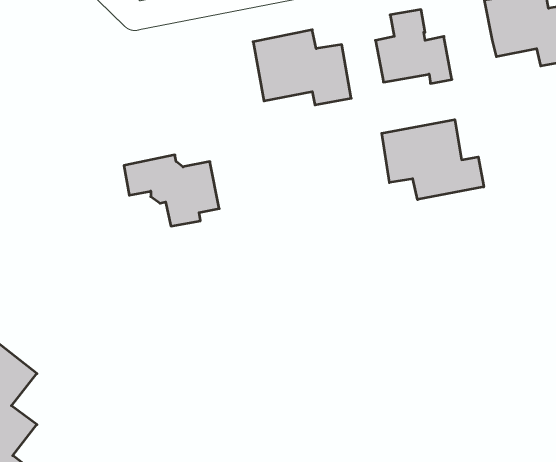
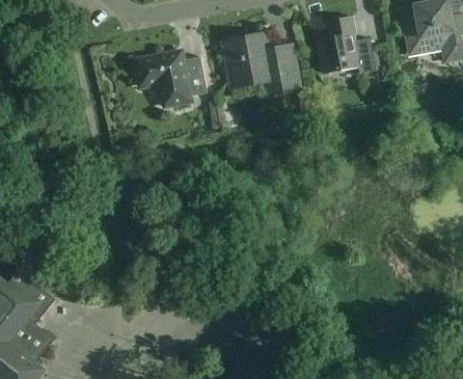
building: [382,120,484,200] -> none
building: [124,155,219,226] -> [133,50,207,105]

